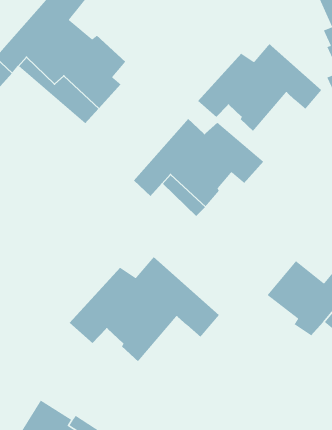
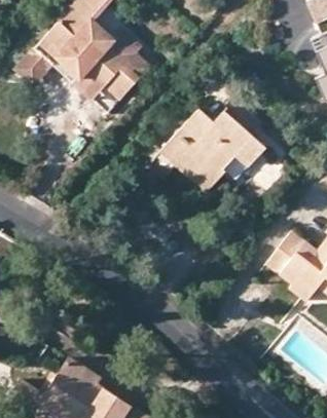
building: [197,43,322,132] -> none
building: [69,256,220,362] -> none

